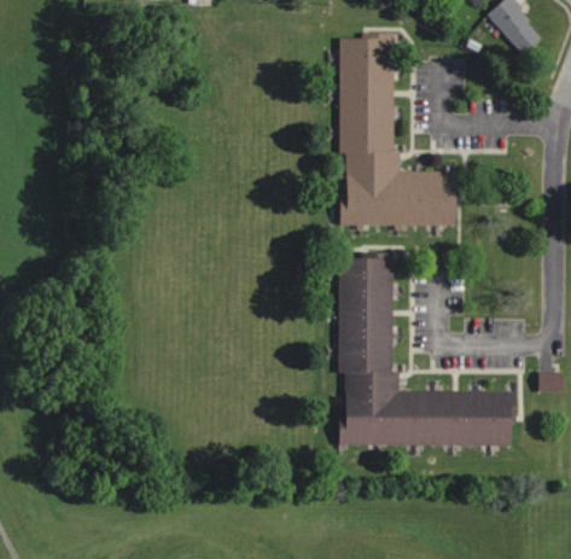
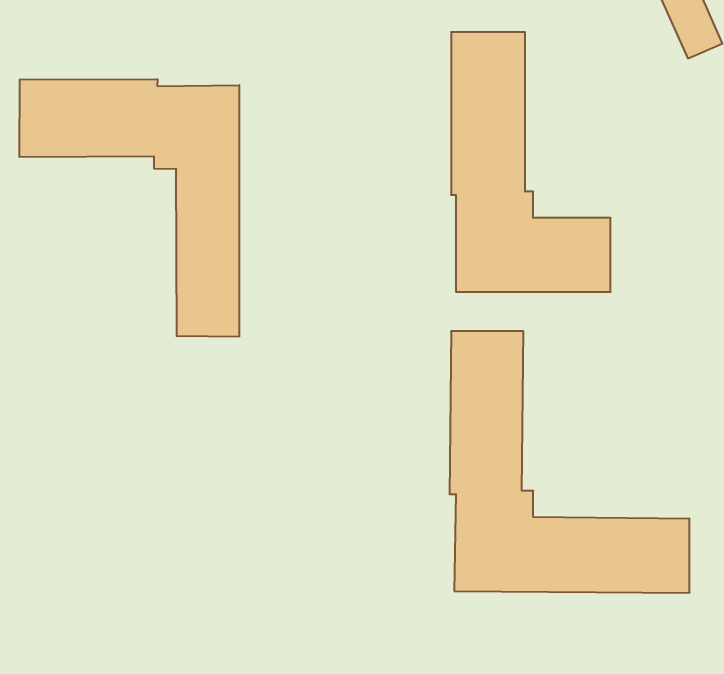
building: none -> [19,79,239,337]

